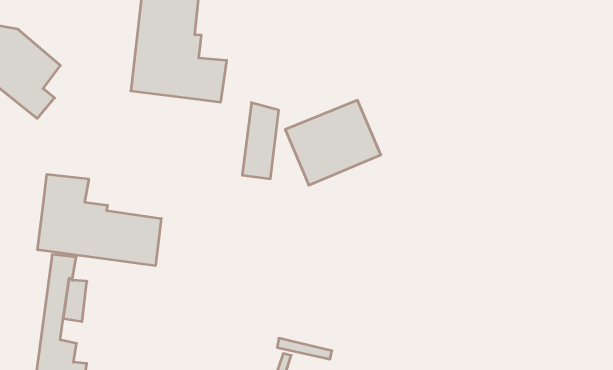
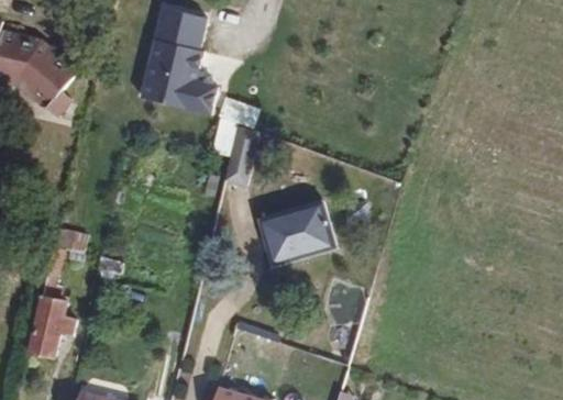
building: [285,100,381,185] -> [257,200,334,266]
building: [38,174,161,266] -> none

